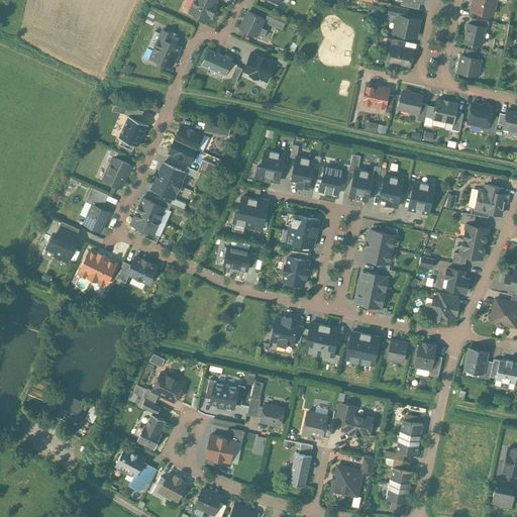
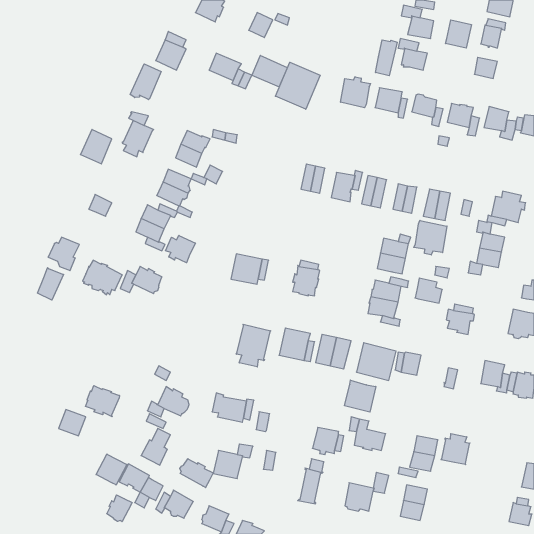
building: none -> [446,20,471,48]
building: none -> [376,40,397,76]
building: none -> [275,62,320,109]
building: none -> [130,64,161,100]
building: none -> [341,77,371,108]
building: [254,150,285,183] -> none
building: [102,159,132,192] -> [80,129,112,164]
building: [232,197,269,233] -> none
building: [85,205,109,231] -> none
building: none -> [414,220,447,255]
building: [286,214,319,247] -> none
building: none -> [165,235,195,263]
building: none -> [37,268,64,300]
building: [443,269,470,293] -> [415,278,442,303]
building: none -> [236,324,271,367]
building: [415,343,435,371] -> none
building: none -> [345,380,376,412]
building: none -> [85,386,119,417]
building: [257,405,284,426] -> none
building: none -> [441,434,470,465]
building: none -> [96,454,127,485]
building: none -> [180,459,213,488]
building: none -> [107,495,132,522]

